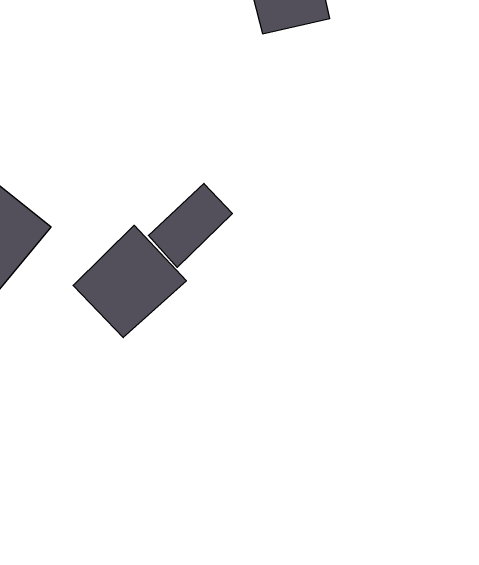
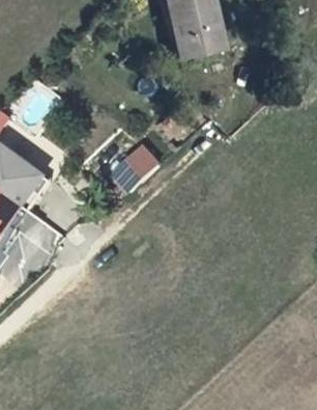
building: [73,225,186,338] -> none

